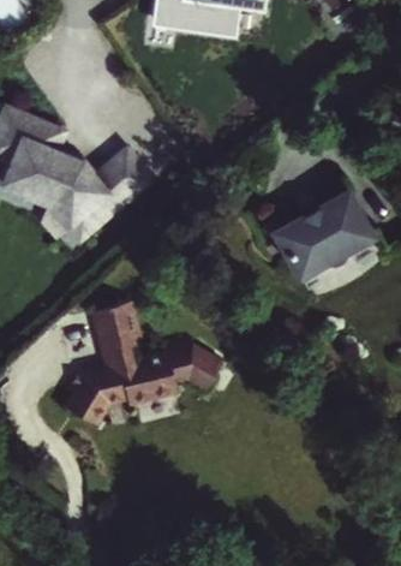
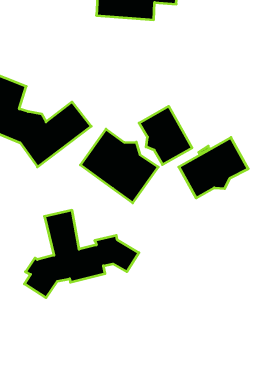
building: none -> [139,106,192,165]
building: none -> [80,129,158,203]

